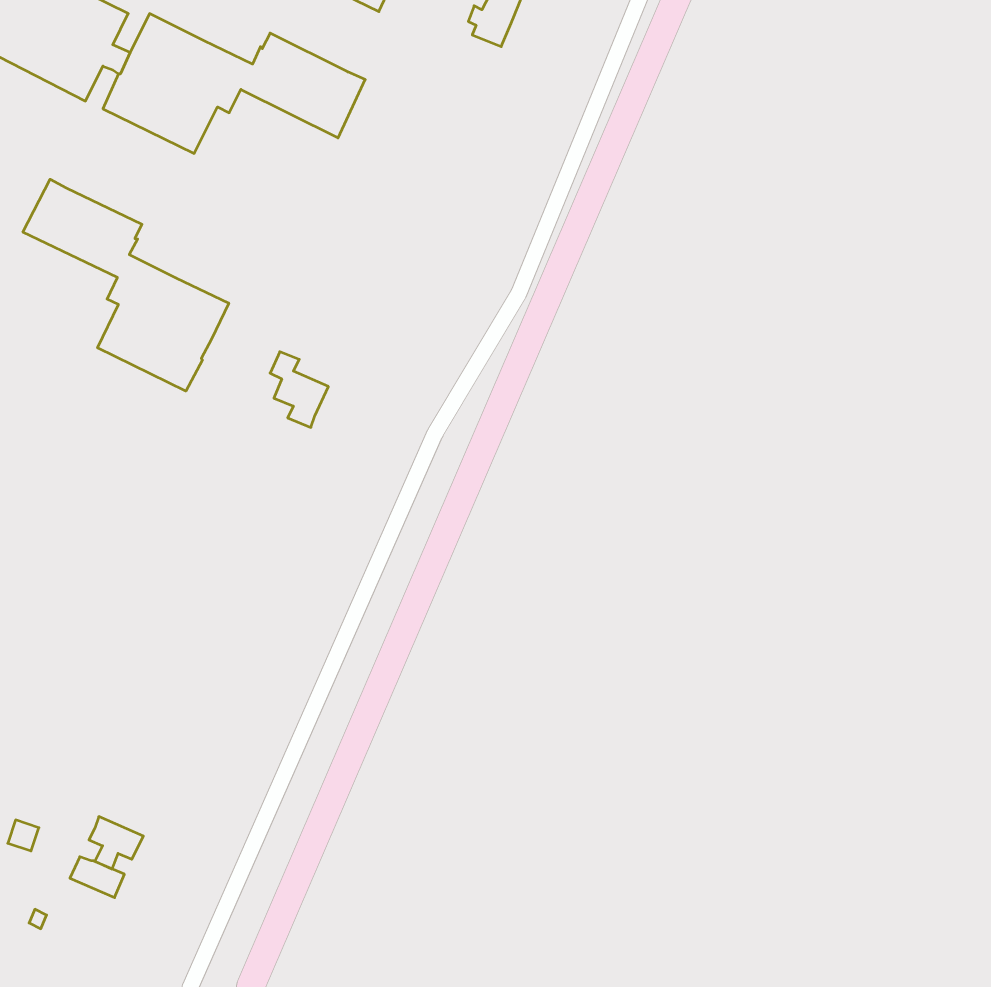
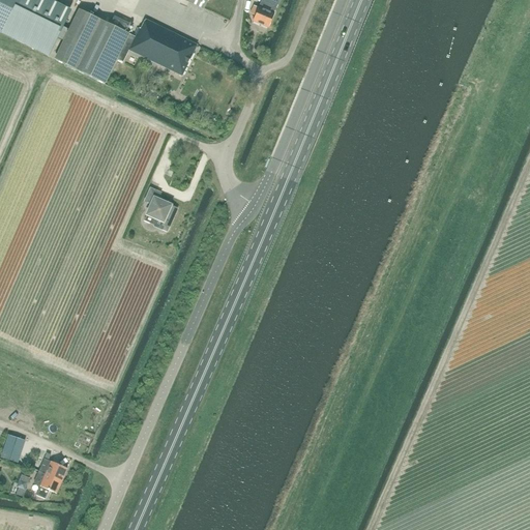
building: [23,179,229,391] -> none
building: [89,817,143,869] -> [32,468,61,496]

